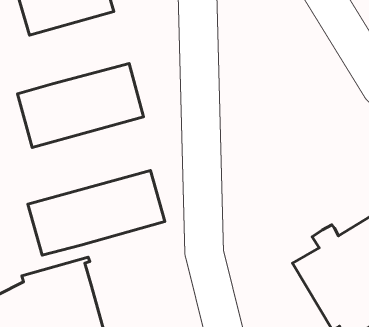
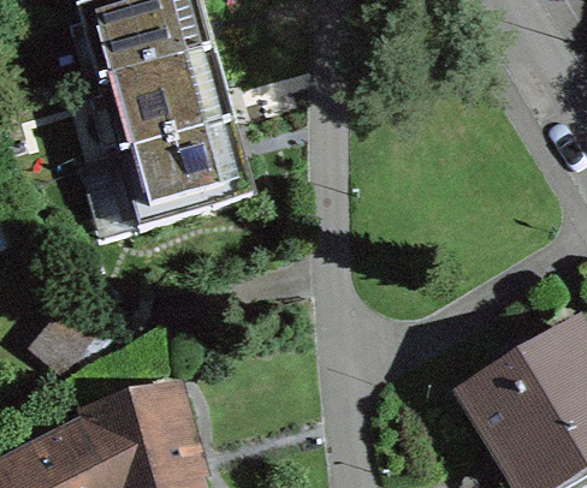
building: none -> [107,36,236,138]
building: [28,170,165,255] -> none

